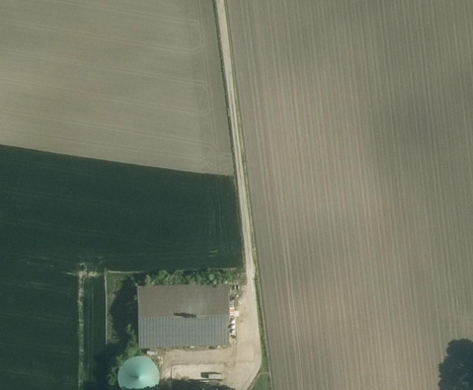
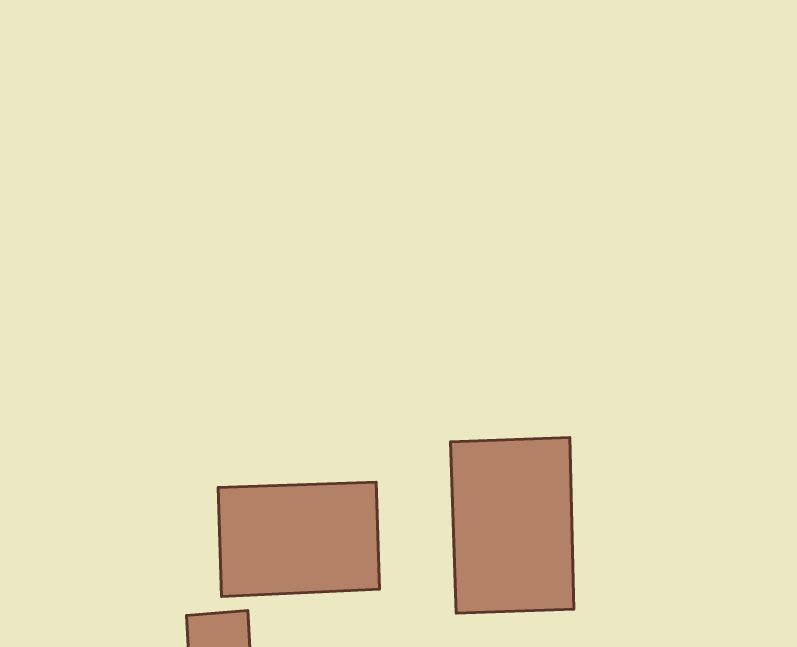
building: none -> [451,438,574,613]

